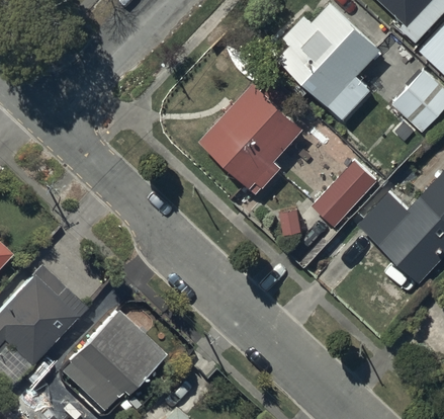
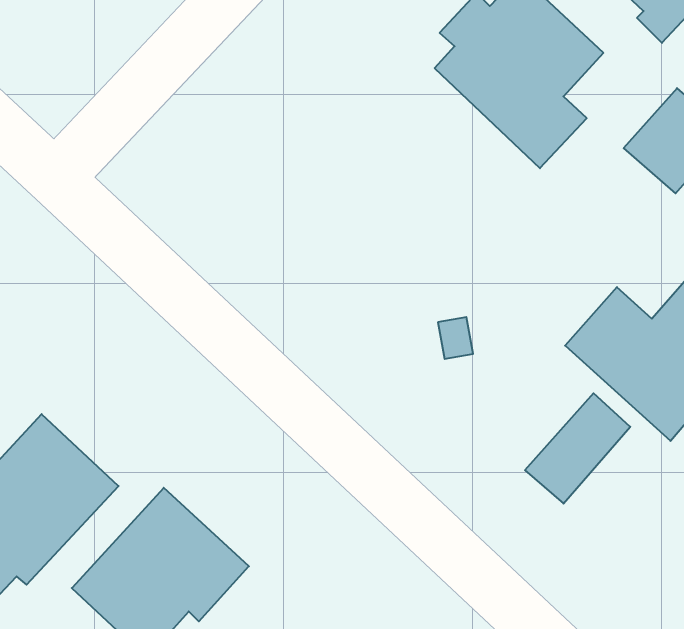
building: [199,83,301,192] -> none
building: [314,161,377,228] -> [525,393,630,504]

